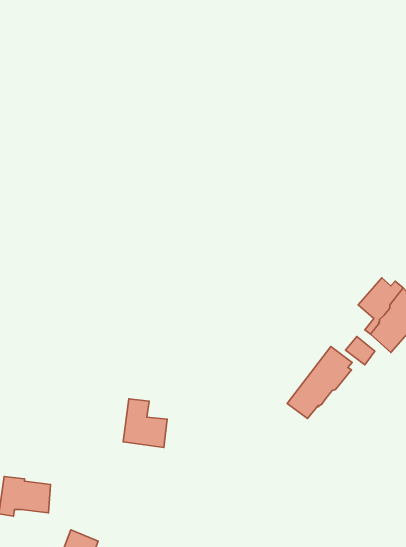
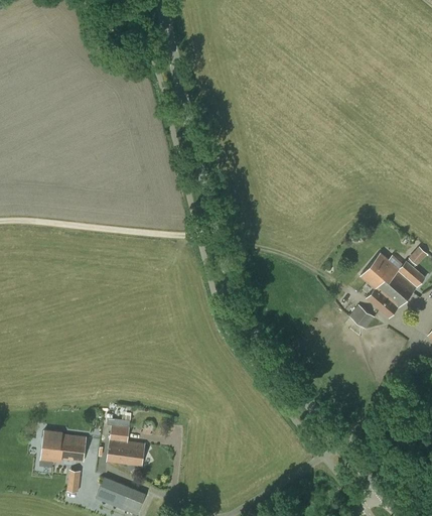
building: [287,347,352,419] -> none
building: [123,399,167,448] -> [107,424,146,468]

